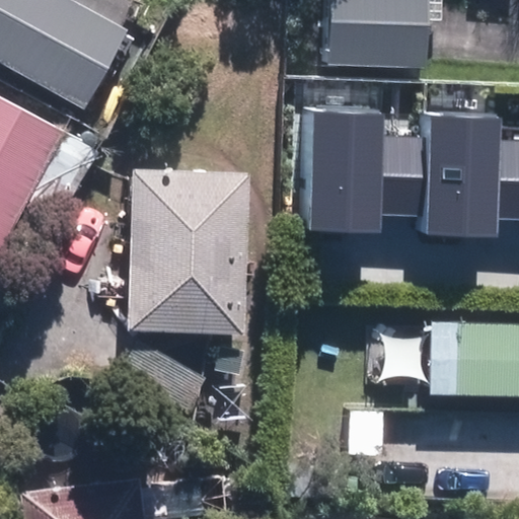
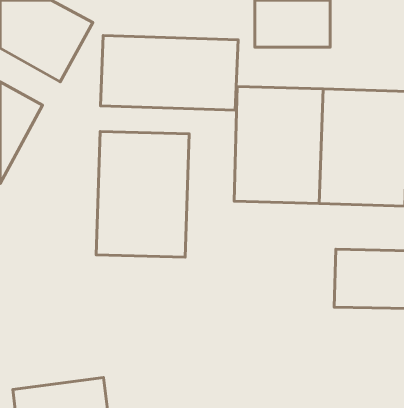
building: none -> [100,35,238,110]

